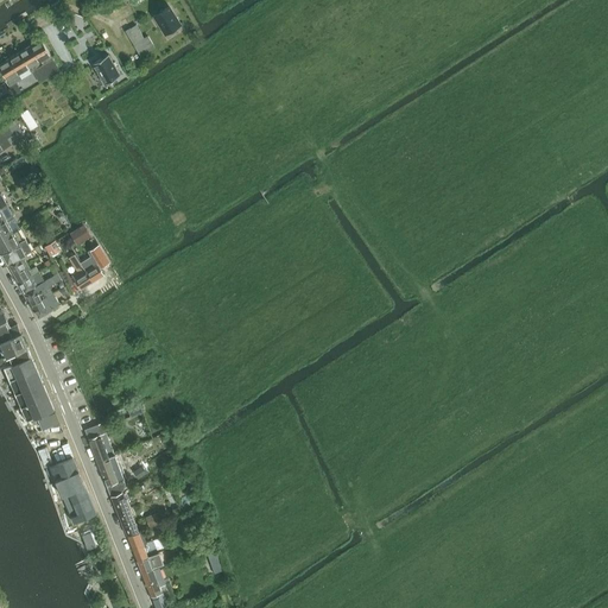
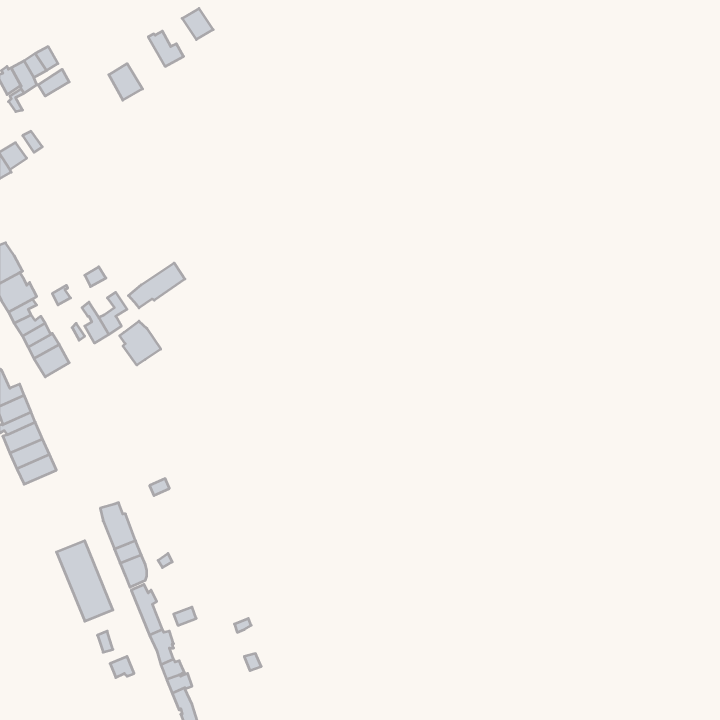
building: none -> [128,263,185,308]
building: none -> [120,321,161,365]
building: [20,397,53,431] -> none

